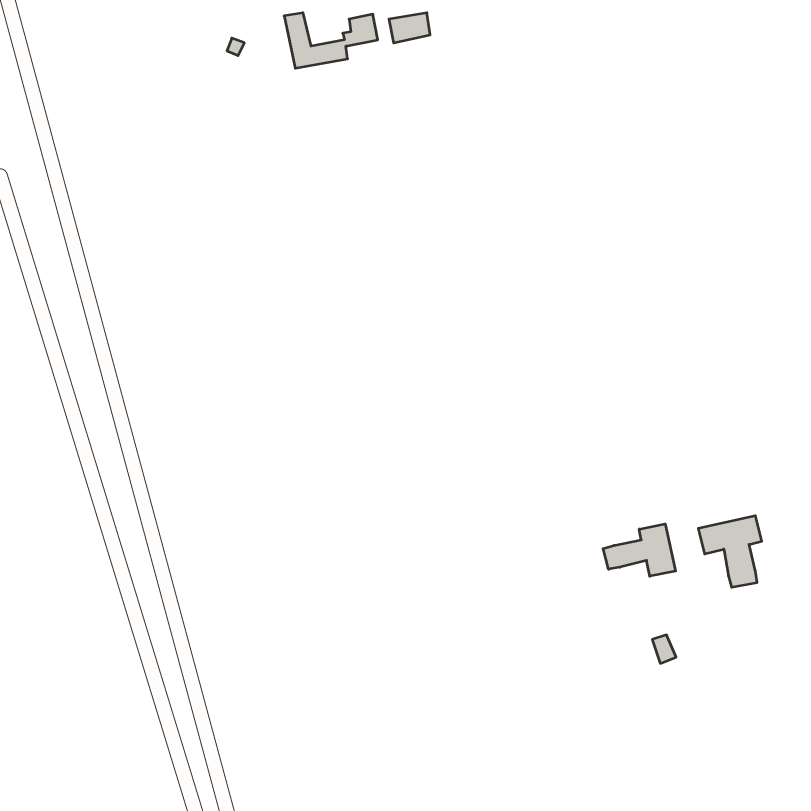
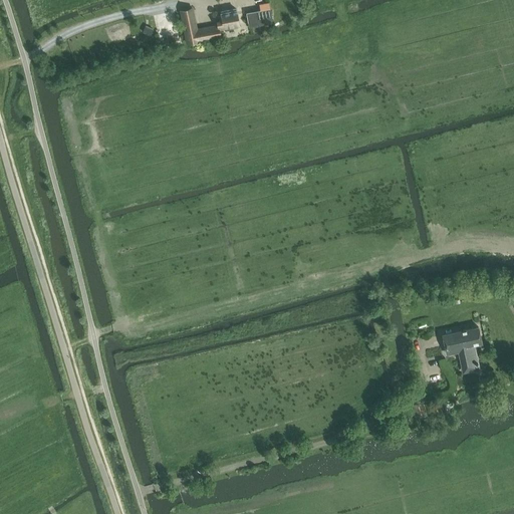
building: [603,524,676,576] -> none

